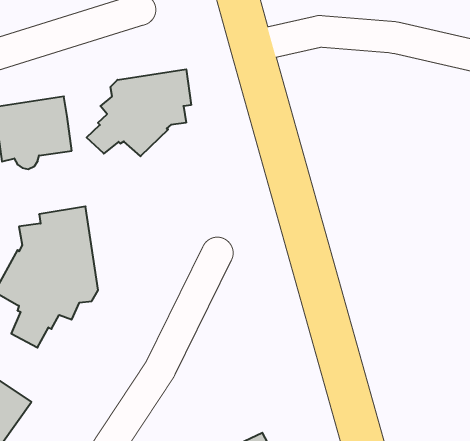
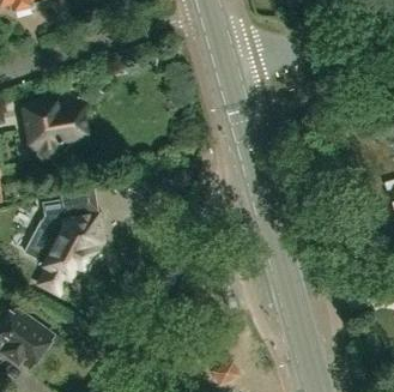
building: [87,69,191,156] -> none

